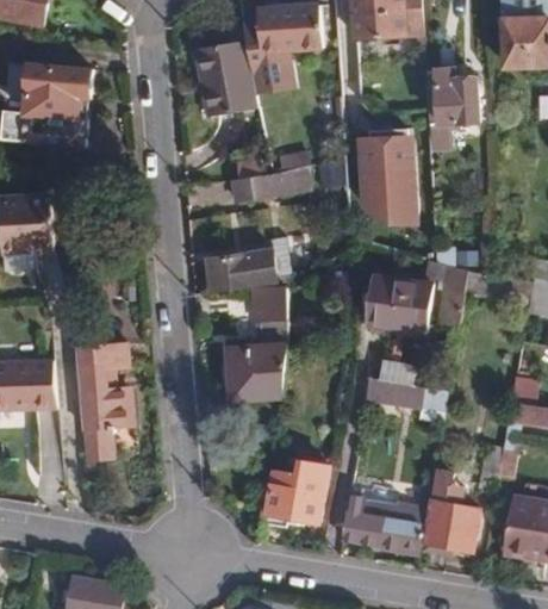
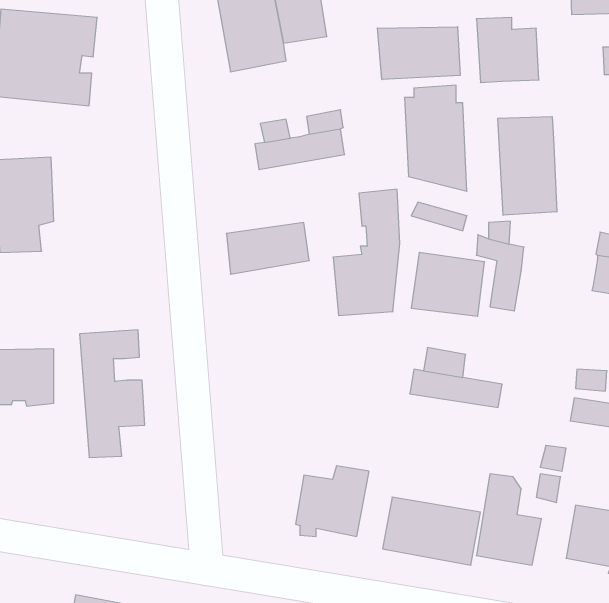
building: none -> [377,27,460,80]
building: none -> [498,117,557,215]
building: [229,288,287,399] -> [333,189,400,316]

